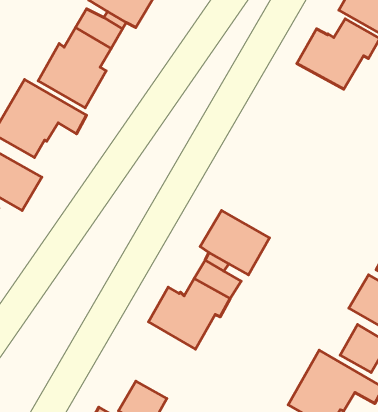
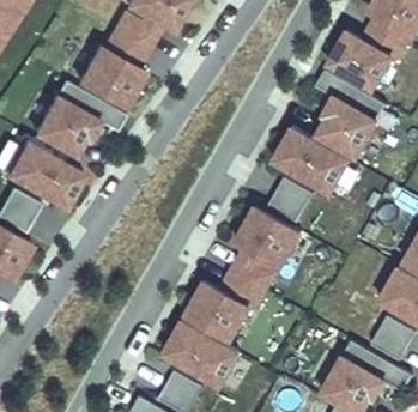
building: none -> [317,68,389,156]
building: none -> [274,127,351,193]
building: none -> [267,177,314,223]
building: none -> [163,321,240,388]

